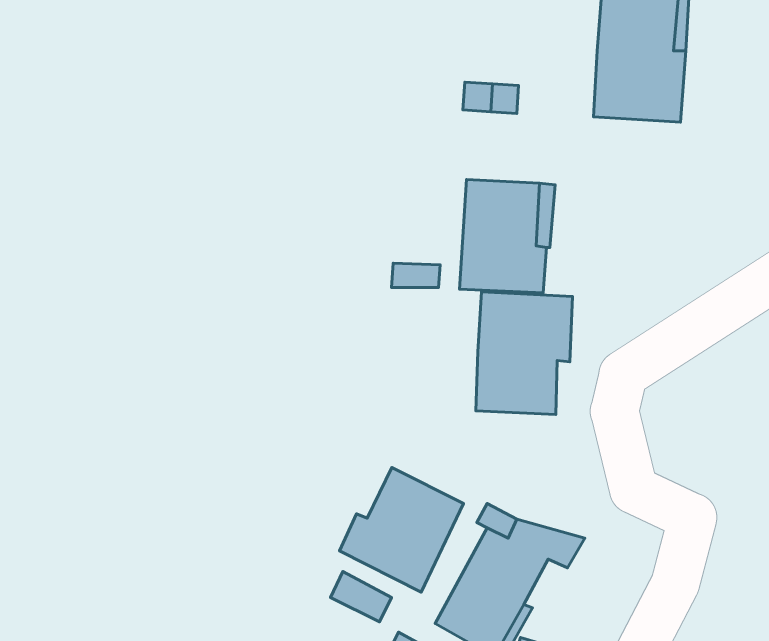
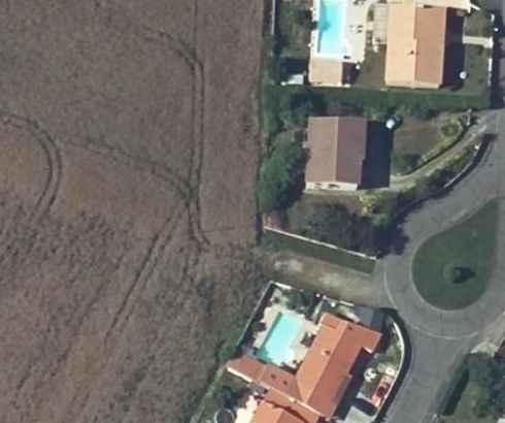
building: [476,292,572,415] -> none
building: [340,468,464,592] -> none

